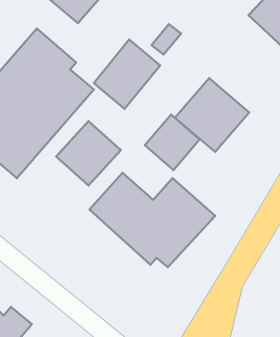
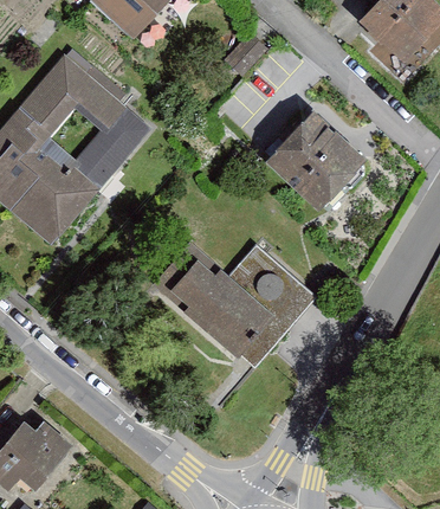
building: [94,40,160,109] -> none
building: [145,114,200,170] -> none
building: [56,121,121,186] -> none

